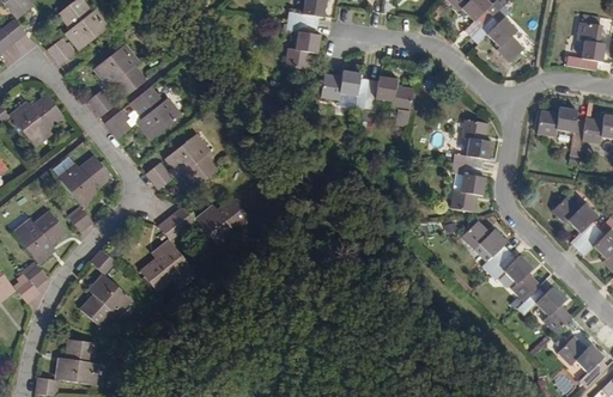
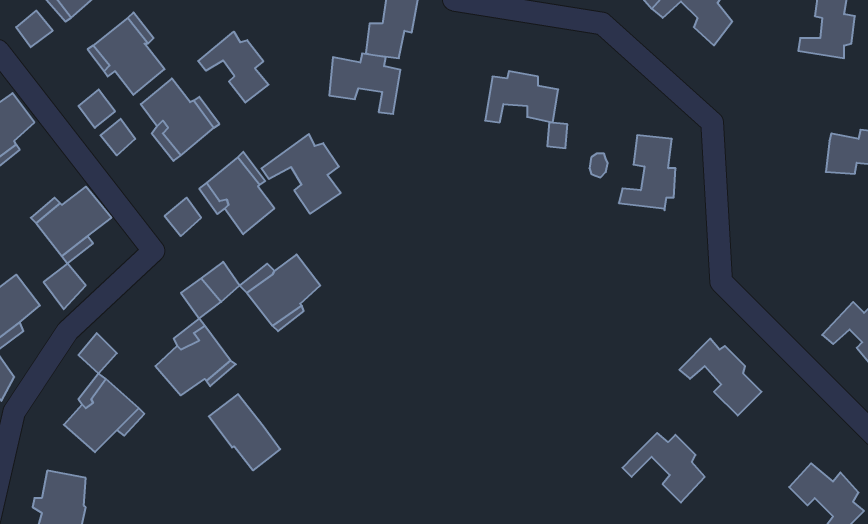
building: none -> [198,32,269,103]
building: [315,71,362,110] -> [329,53,401,114]
building: [536,110,582,151] -> none
building: none -> [261,134,341,214]
building: [443,164,477,213] -> none
building: [551,197,597,250] -> none
building: [456,222,504,273] -> none
building: [515,287,569,332] -> [622,433,705,503]
building: none -> [209,394,280,470]

